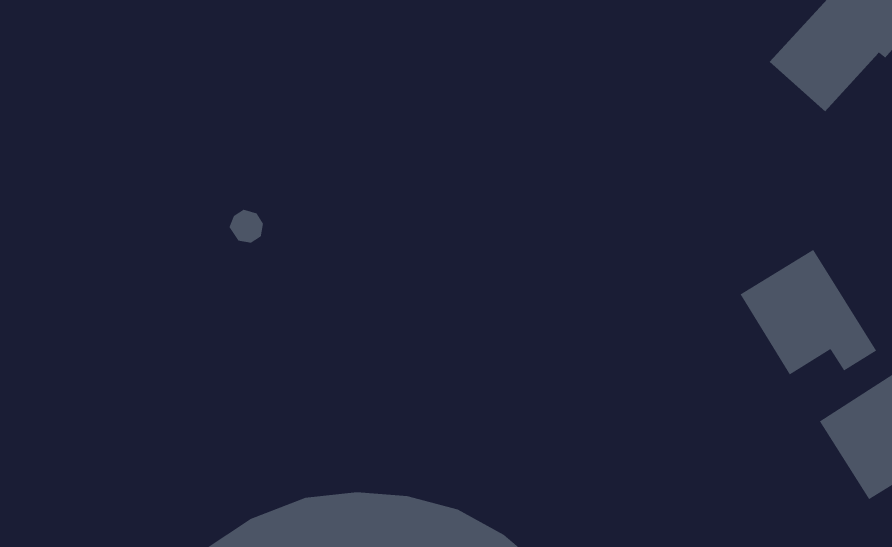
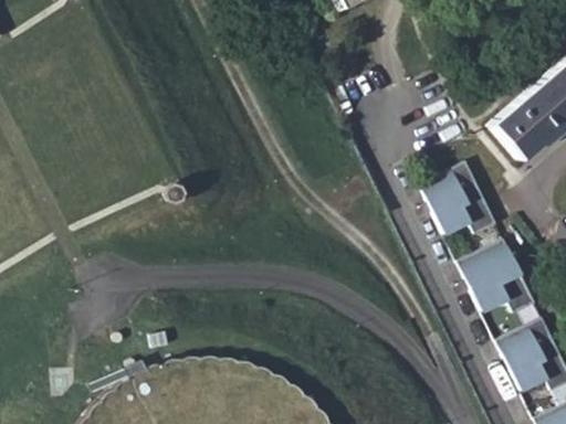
building: none -> [418,163,495,237]

